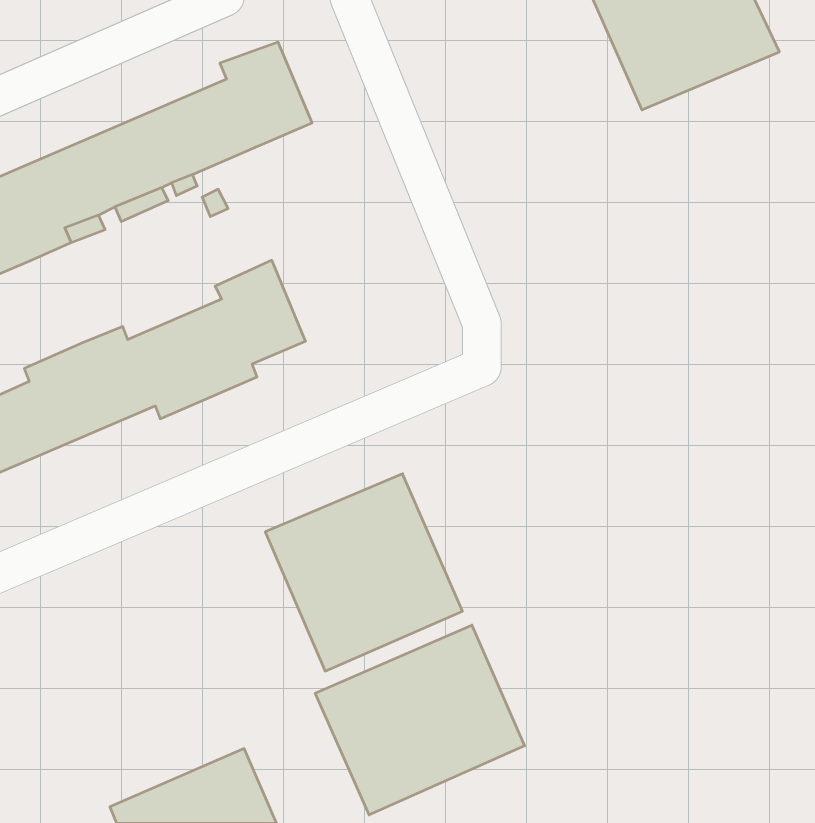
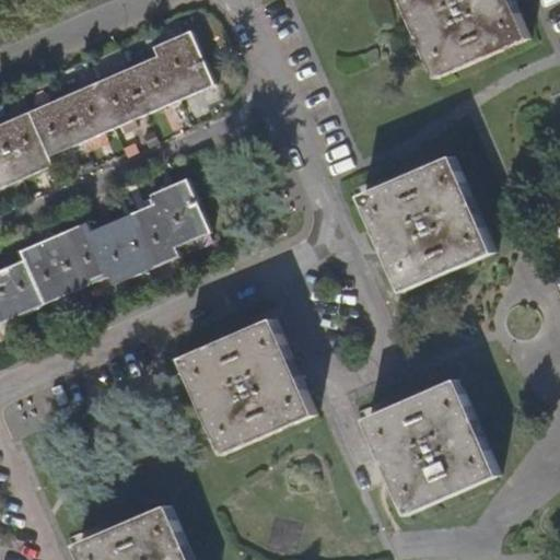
building: none -> [357,155,490,293]
building: none -> [365,381,498,515]
building: [315,625,525,815] -> none

